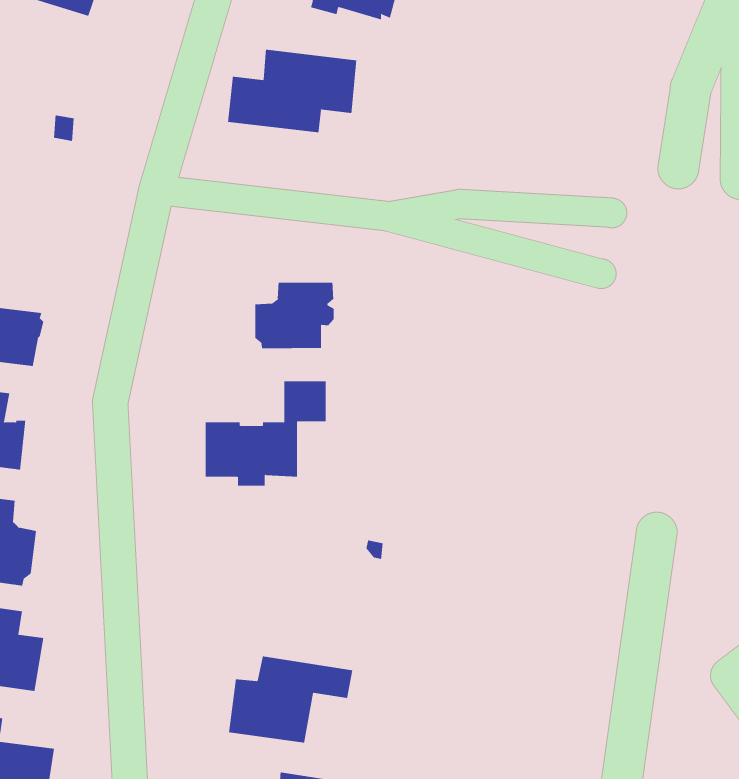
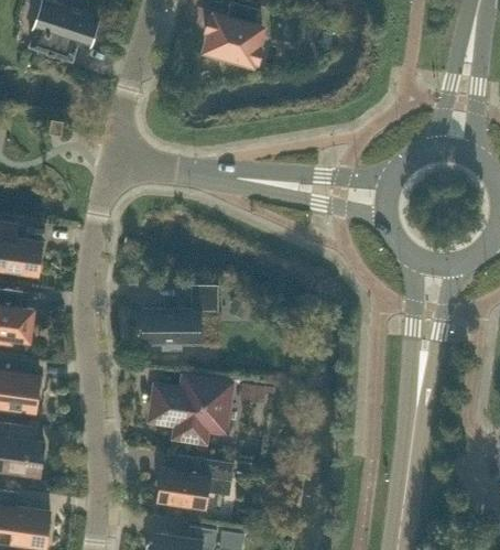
building: [228,49,357,133] -> none
building: [255,282,334,349] -> none
building: none -> [150,378,231,444]

